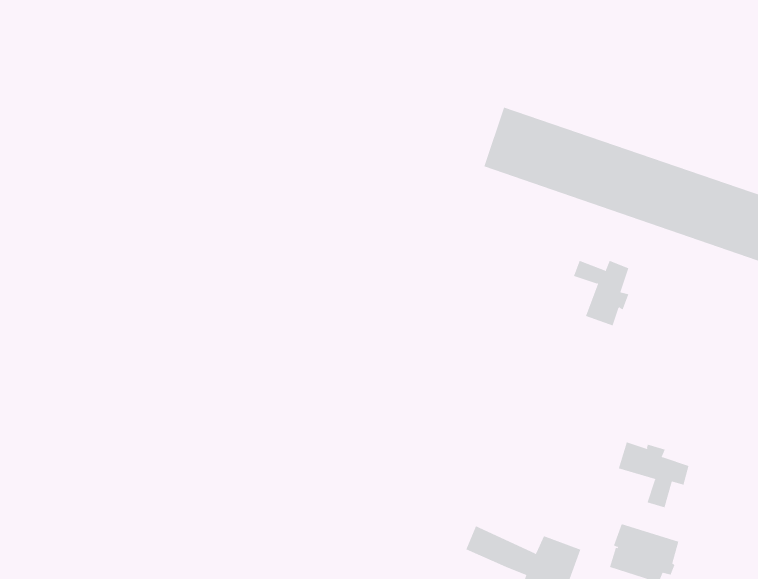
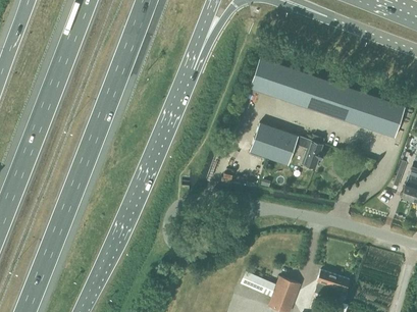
building: none -> [250,122,299,162]
building: [618,442,689,508] -> none

